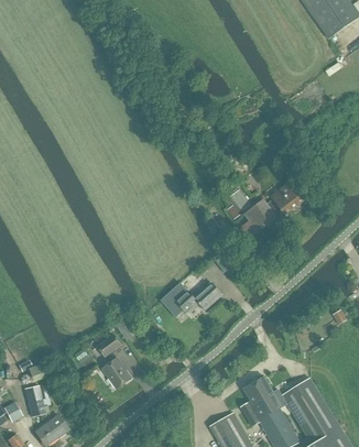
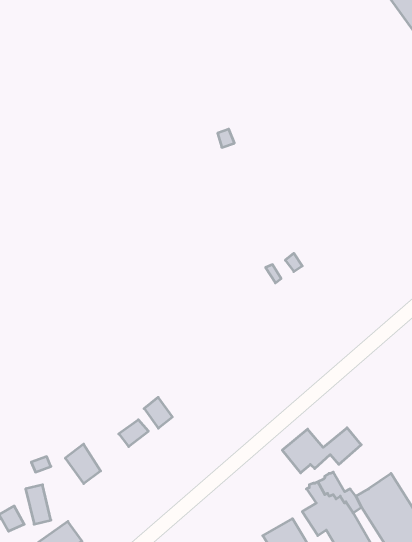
building: [244,183,303,229] -> none
building: [161,282,222,317] -> [282,428,361,473]
building: [104,359,131,390] -> [65,444,101,484]

